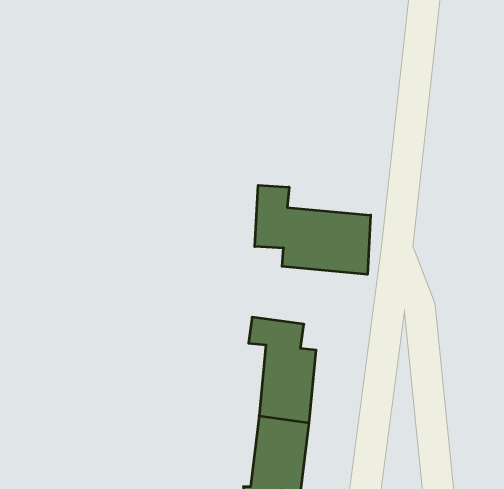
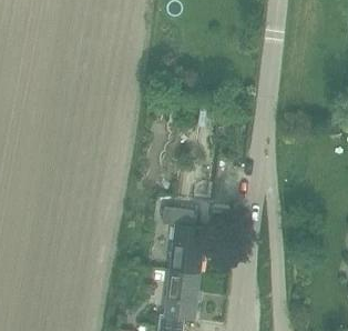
building: [255,185,371,274] -> none

